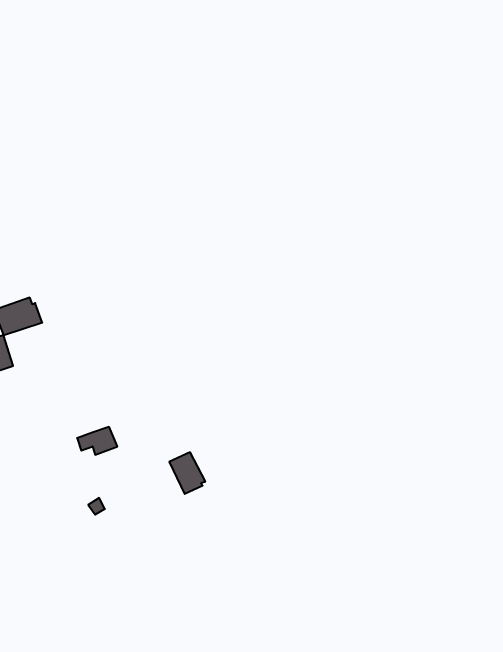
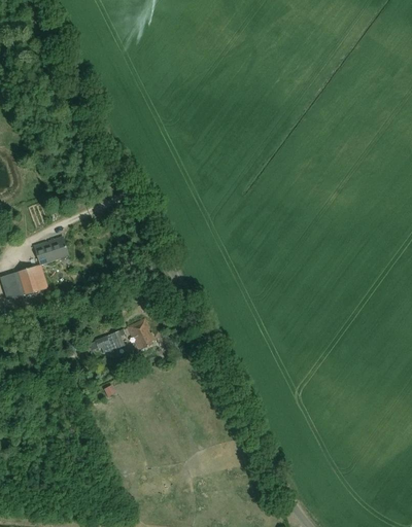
building: [169,452,205,494] -> [127,319,153,350]

